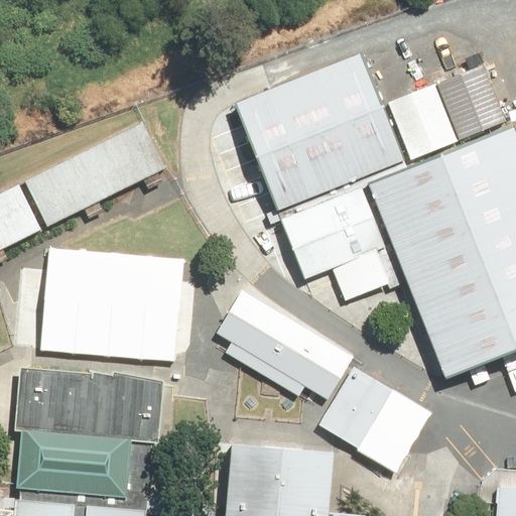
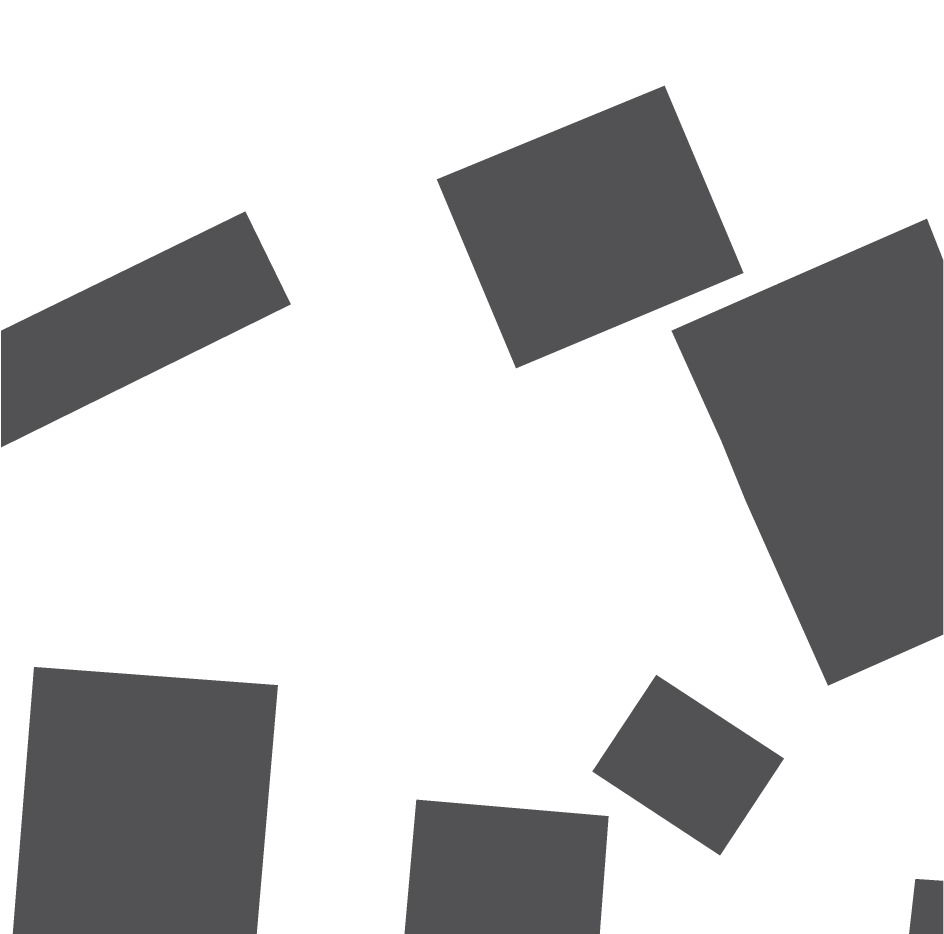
building: [397,66,506,160] -> none
building: [282,185,406,302] -> none
building: [47,250,181,361] -> none
building: [223,288,353,399] -> none

